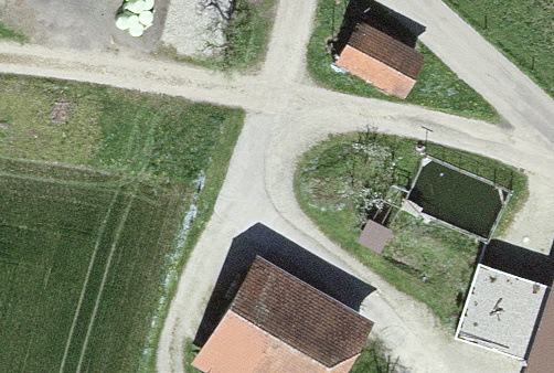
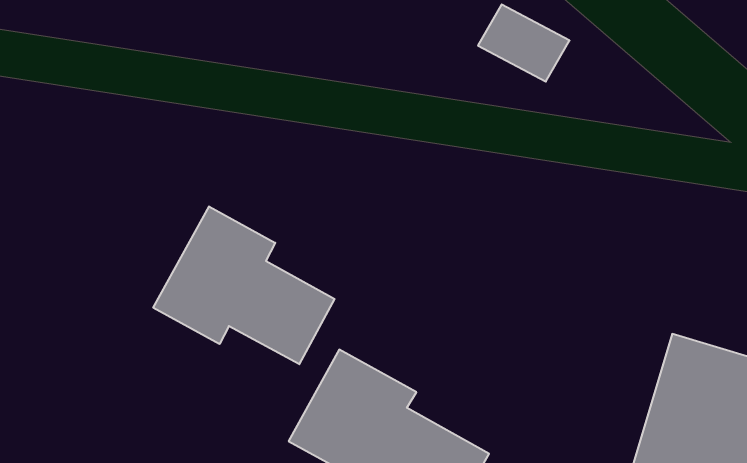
building: none -> [153,206,335,364]

